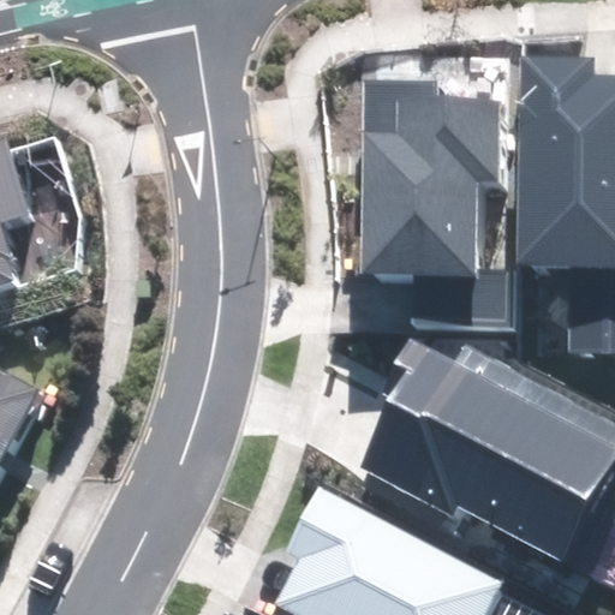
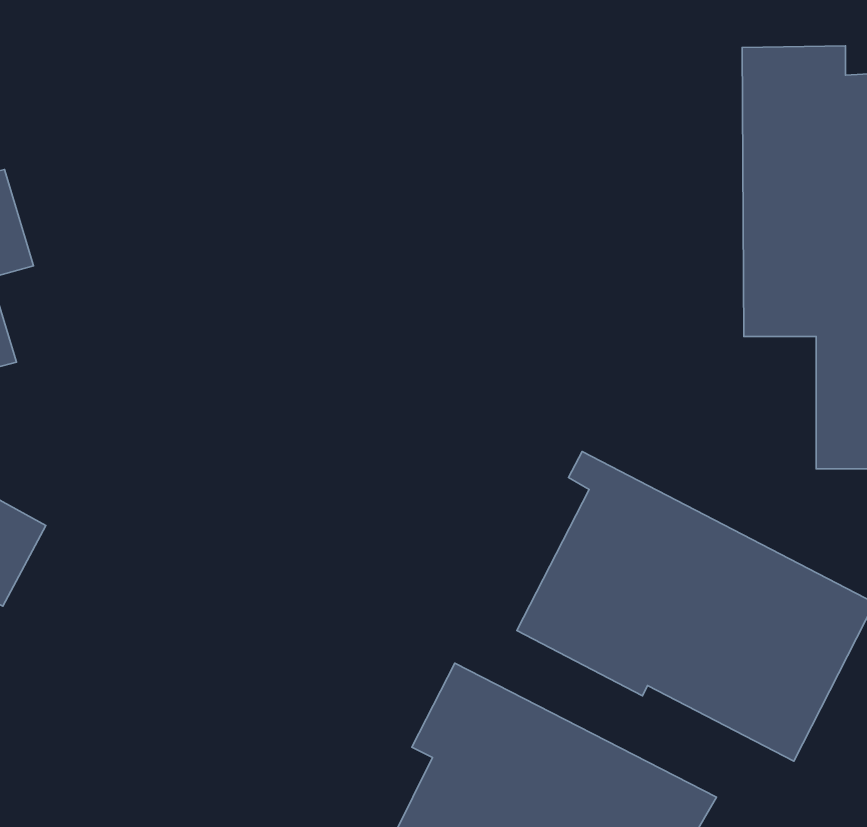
building: [364,84,506,320] -> none

